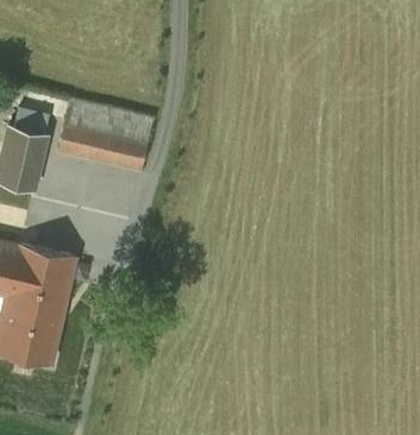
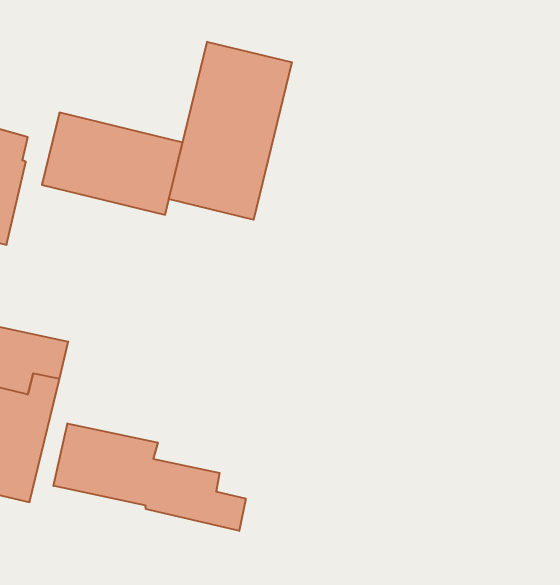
building: none -> [169,42,292,220]
building: none -> [53,423,246,531]

